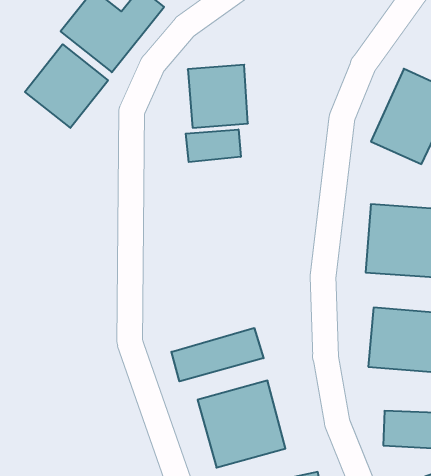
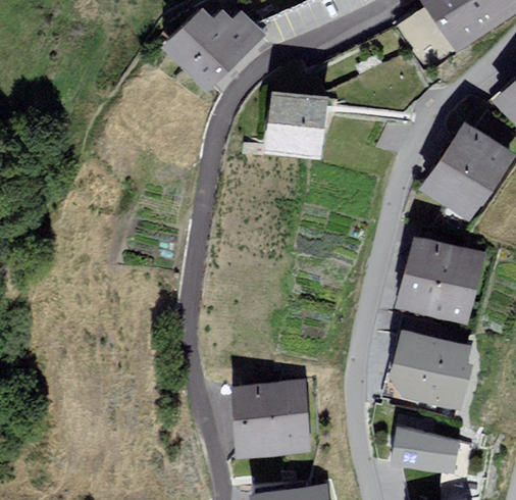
building: [25,44,108,128] -> none
building: [186,129,241,162] -> none
building: [171,328,264,381] -> none

